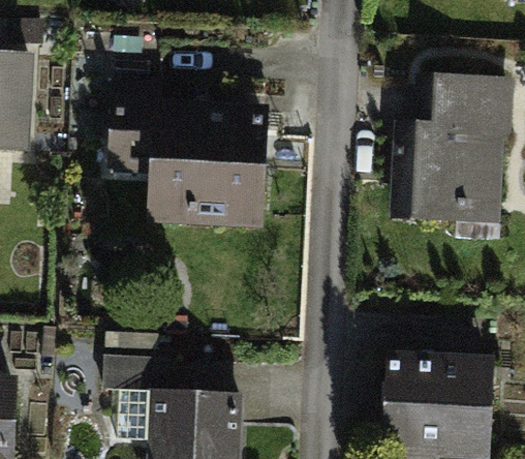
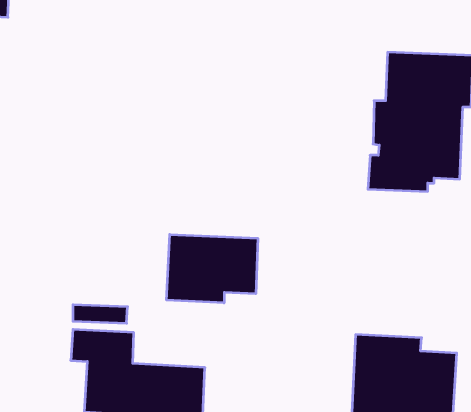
building: [116,84,266,220] -> none
building: none -> [167,234,258,303]

